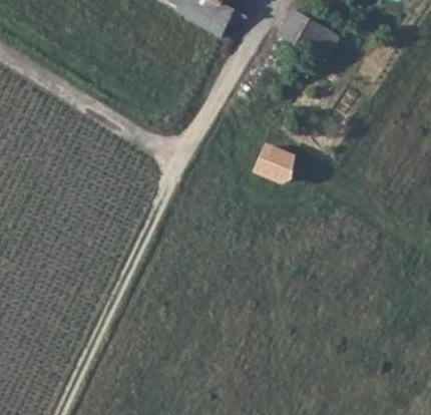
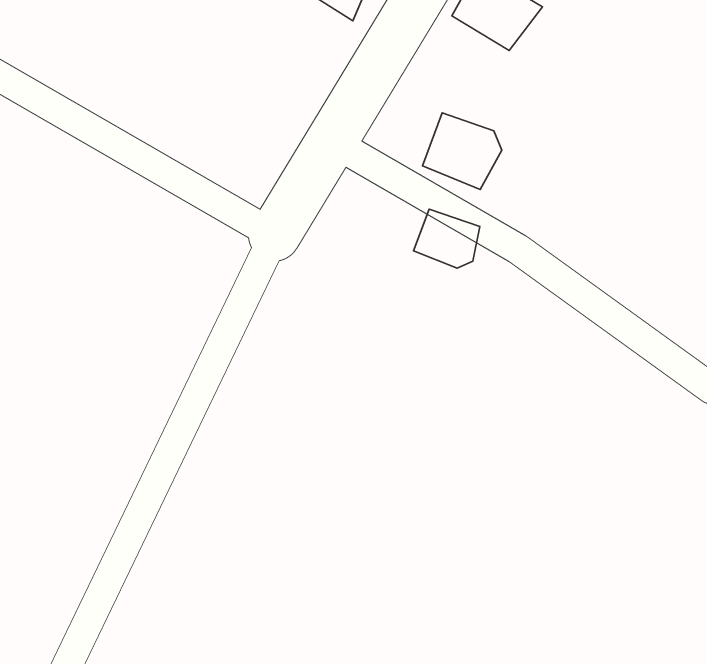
building: none -> [422,113,502,189]

